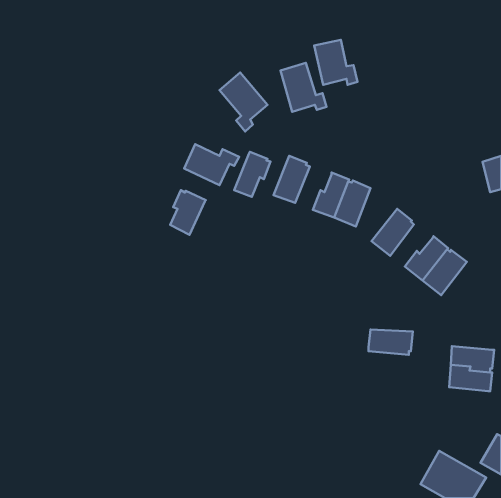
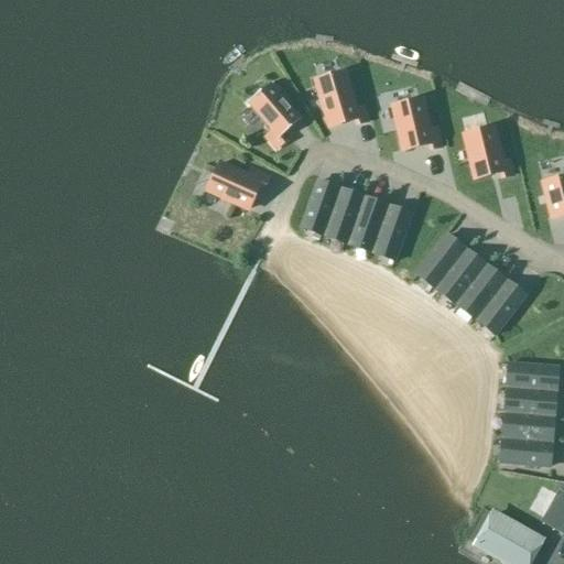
building: [314,40,357,85] -> [392,98,441,149]
building: none -> [464,127,512,176]
building: [234,152,271,197] -> [332,185,372,236]
building: [170,190,206,235] -> none
building: none -> [438,250,486,300]
building: [369,330,413,355] -> [508,365,557,393]
building: none -> [502,435,551,466]

